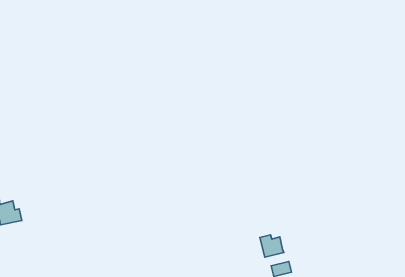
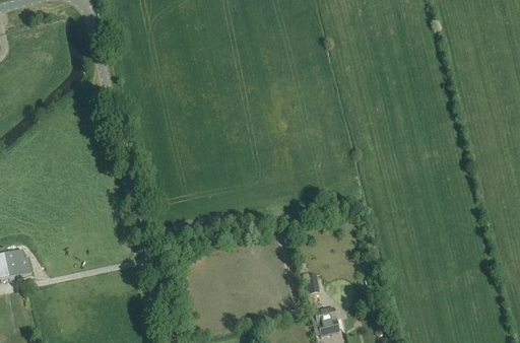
building: [260,235,284,257] -> none

